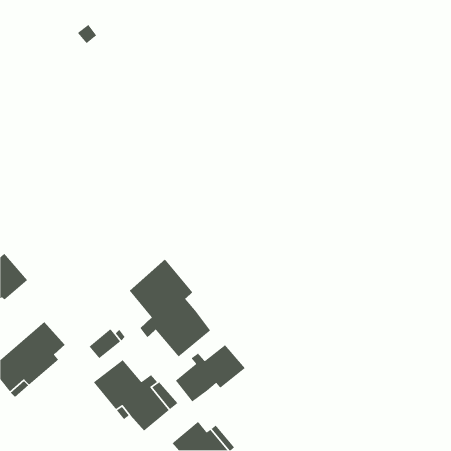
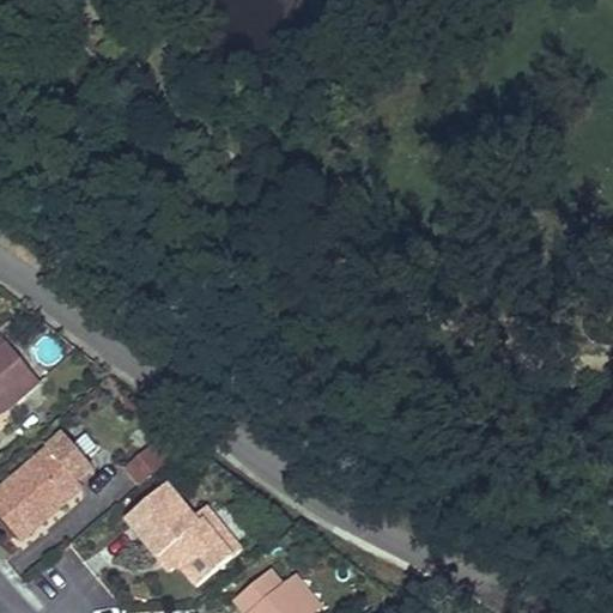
building: [129,259,211,358] -> none
building: [175,344,246,402] -> none

